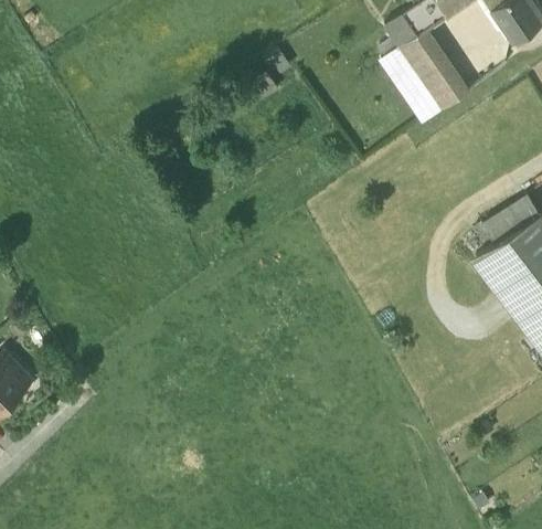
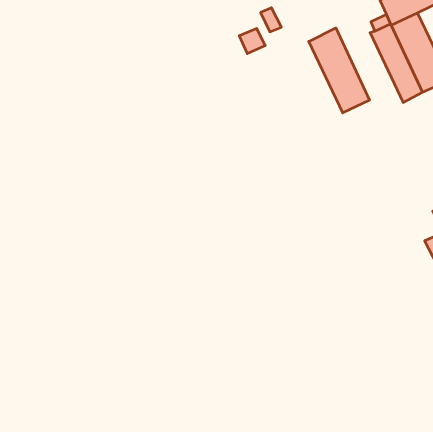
building: none -> [309,28,369,113]

